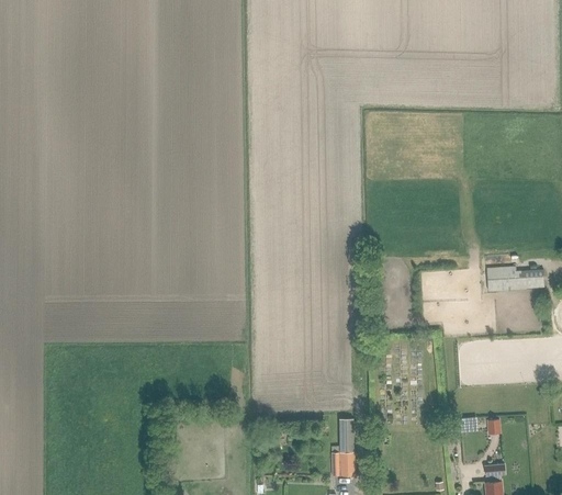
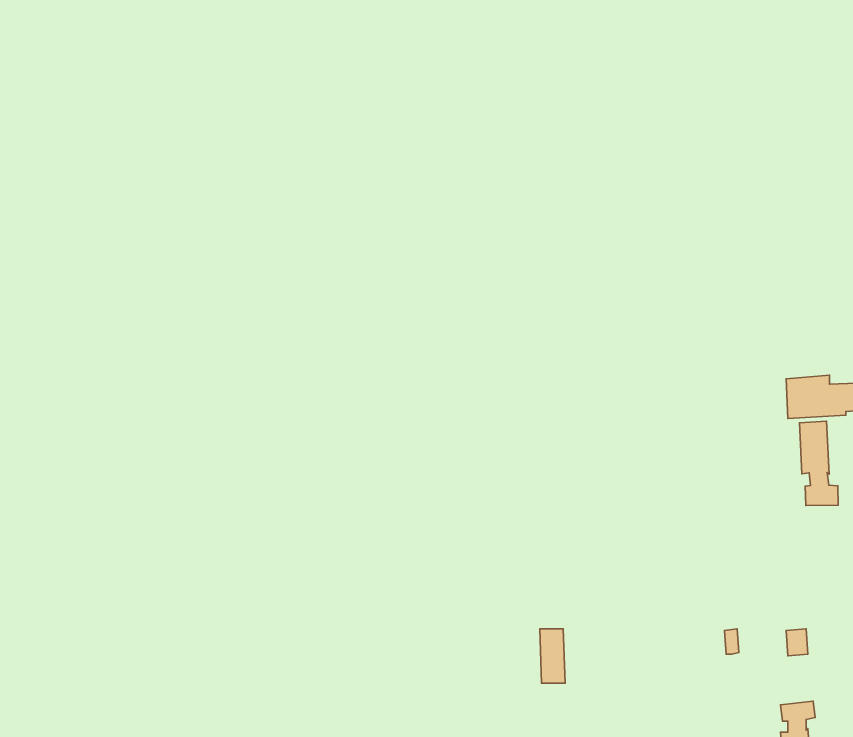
building: none -> [799,421,838,505]
building: [330,452,356,476] -> none

